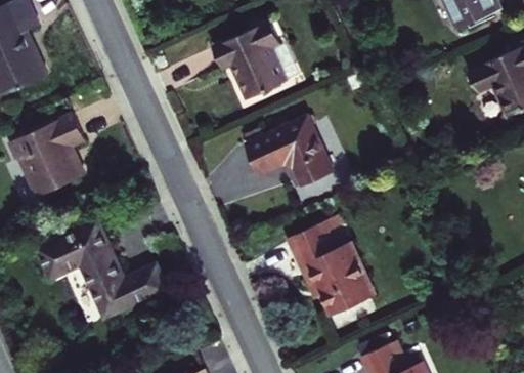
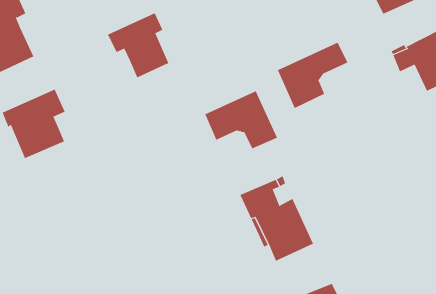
building: [214,22,287,98] -> [107,12,169,78]
building: none -> [277,42,348,109]
building: [35,220,166,320] -> none

